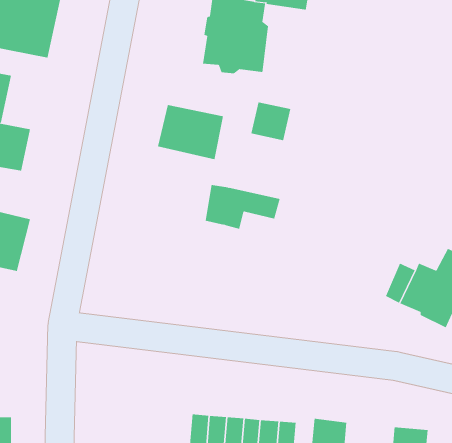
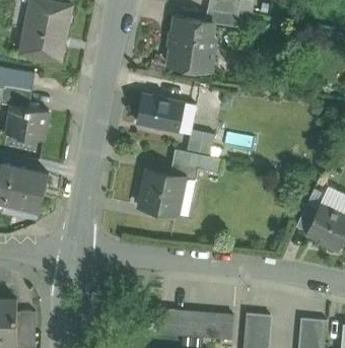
building: [251,102,291,141] -> [187,129,215,156]
building: none -> [140,169,184,214]

